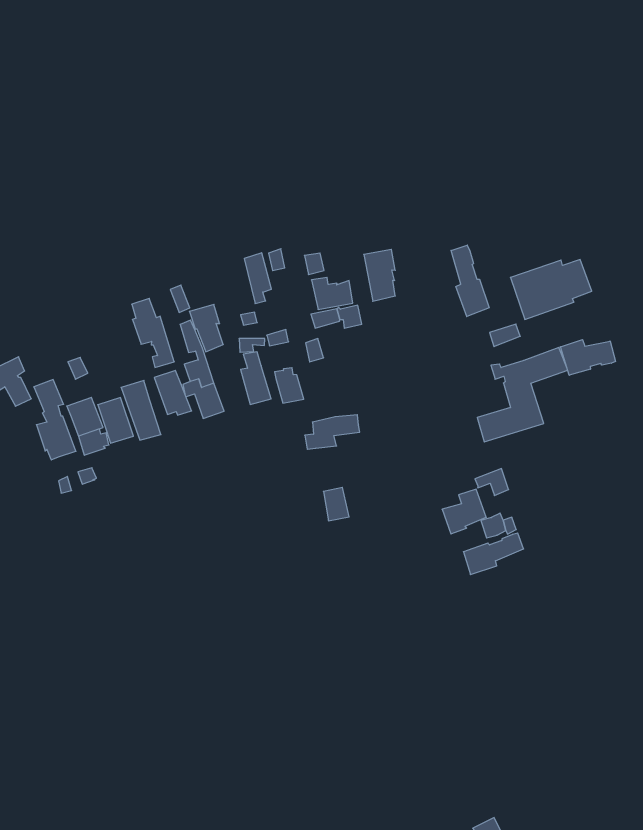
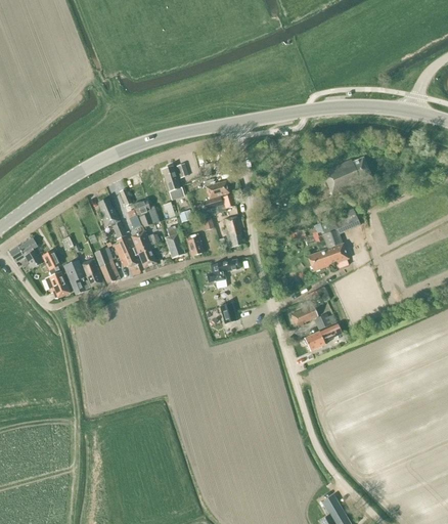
building: [451,245,489,317] -> none
building: [364,249,395,301] -> [222,215,242,247]
building: [560,340,616,375] -> none

